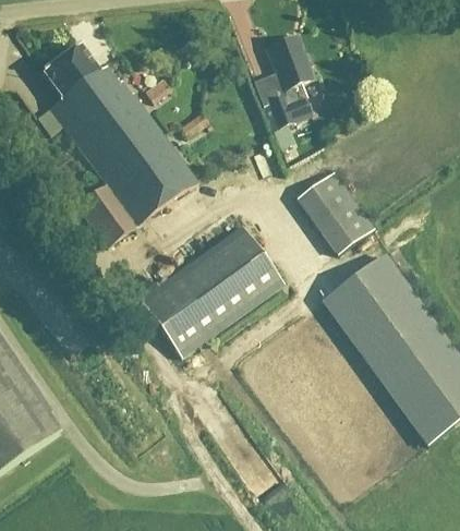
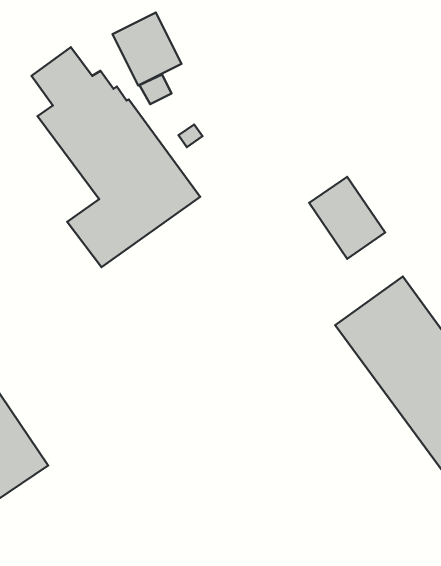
building: none -> [112,12,182,85]
building: [265,35,313,128] -> none
building: [136,225,285,359] -> none

